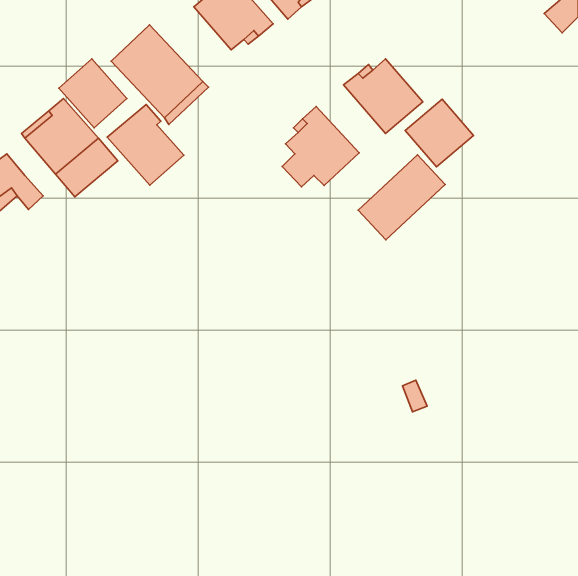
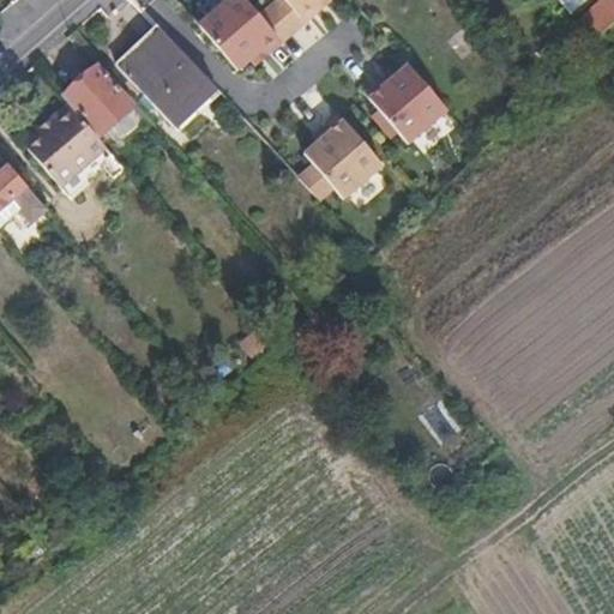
building: [405,99,474,167] -> none
building: [107,105,184,185] -> none
building: [358,155,445,240] -> none

